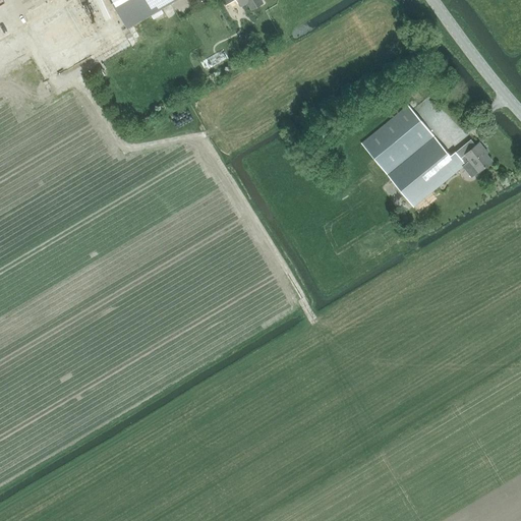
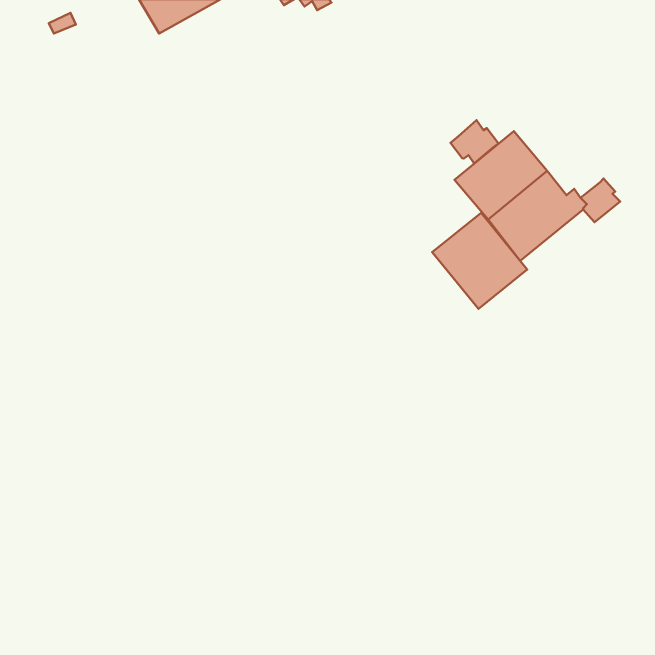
building: none -> [450,120,499,164]
building: none -> [432,213,527,309]

